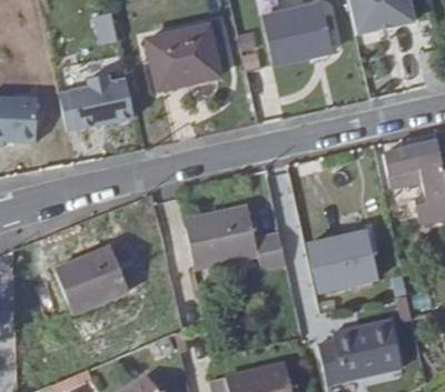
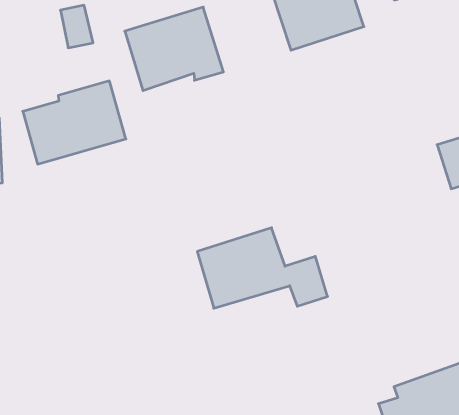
building: [308,229,379,296] -> none
building: [56,241,128,309] -> none

